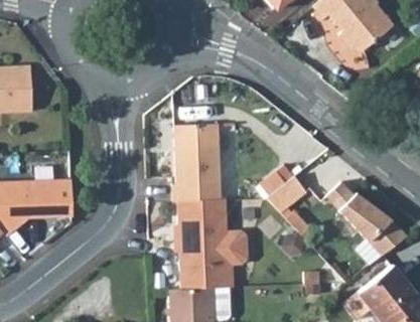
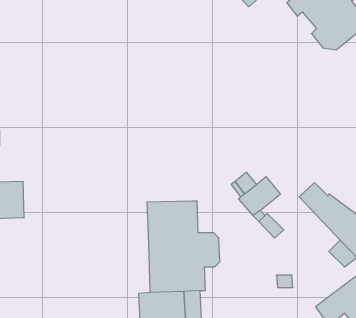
building: [172,124,222,200] -> none

